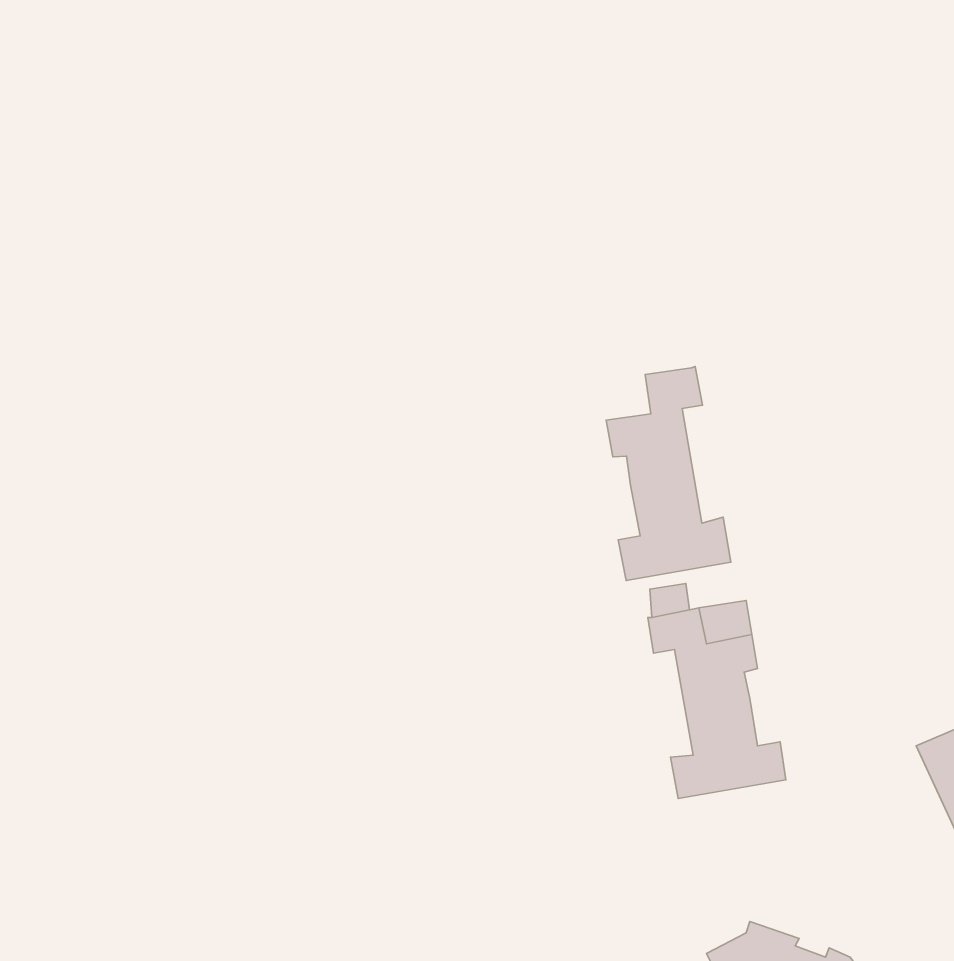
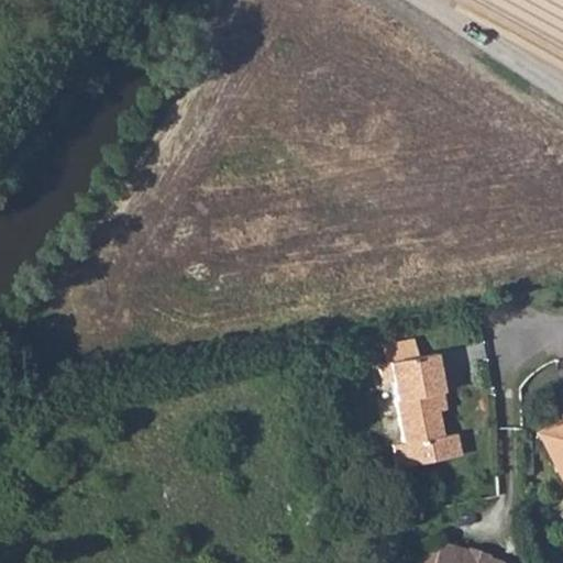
building: [606,366,731,580] -> none

